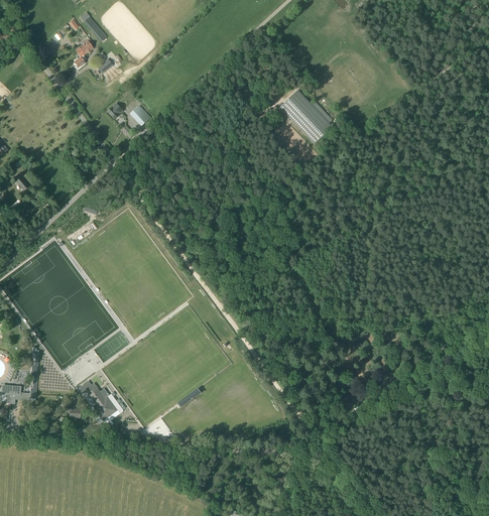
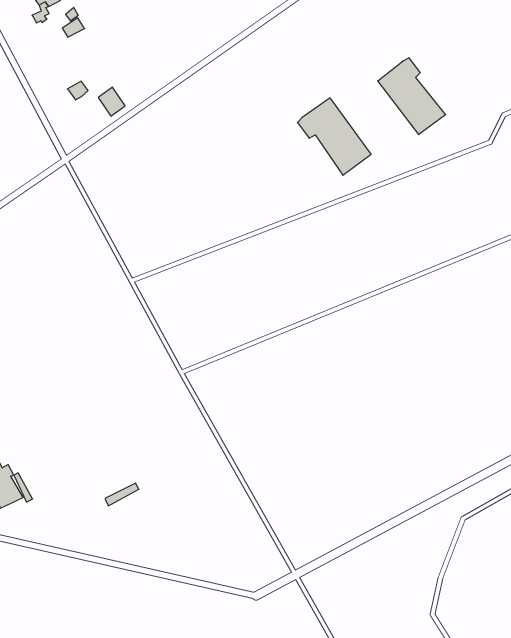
building: none -> [378,58,446,135]

